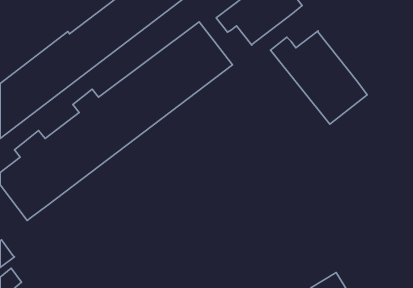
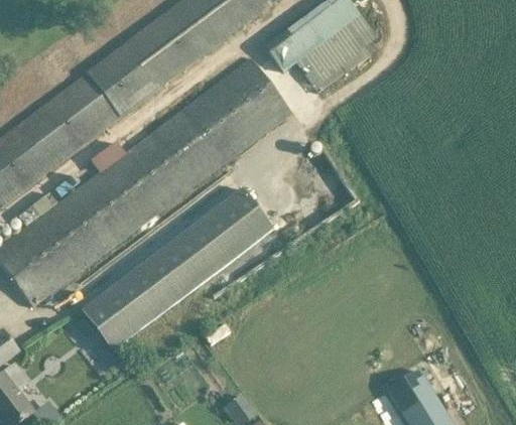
building: [270,31,367,124] -> none
building: none -> [82,189,273,350]

